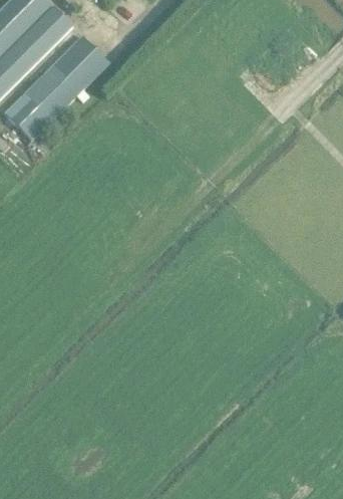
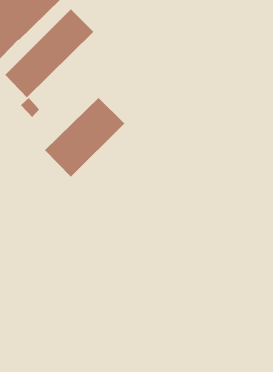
building: none -> [44,97,125,177]

